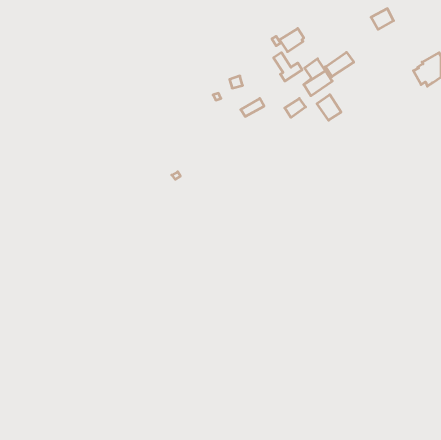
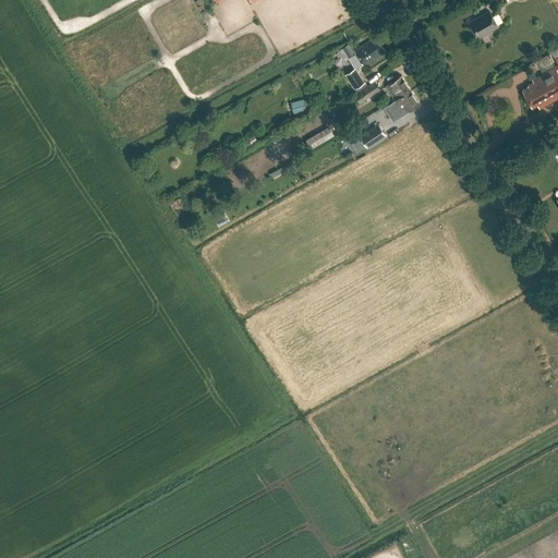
building: [325,52,354,77] -> none
building: [317,95,341,120] -> none

